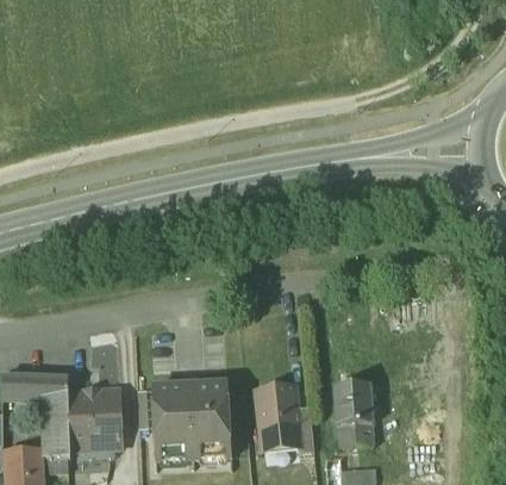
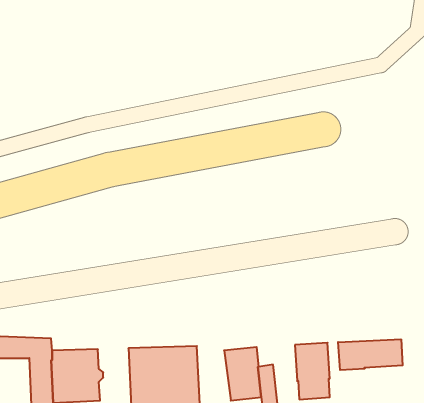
building: none -> [338,339,403,370]

